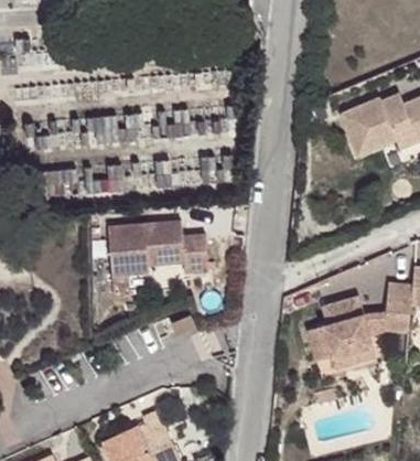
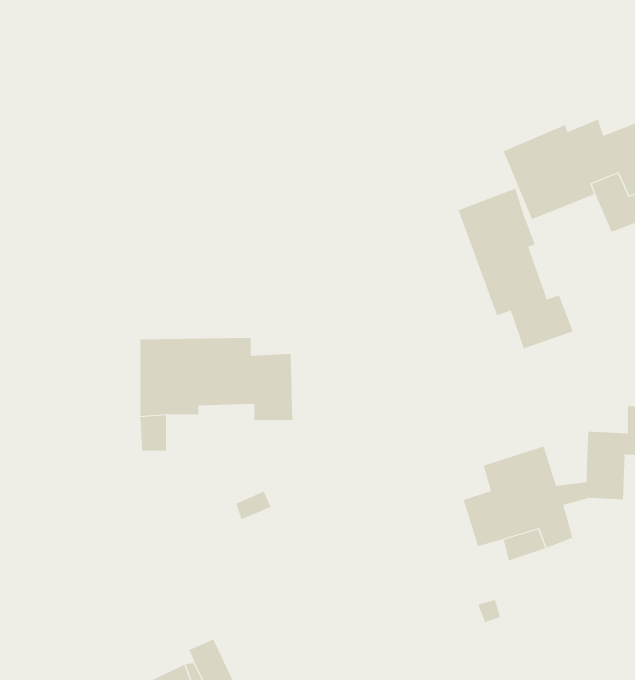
building: none -> [458,188,573,349]

